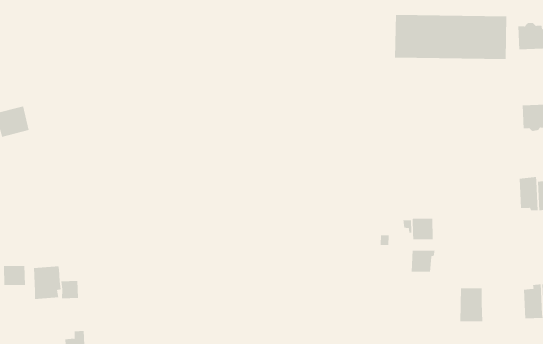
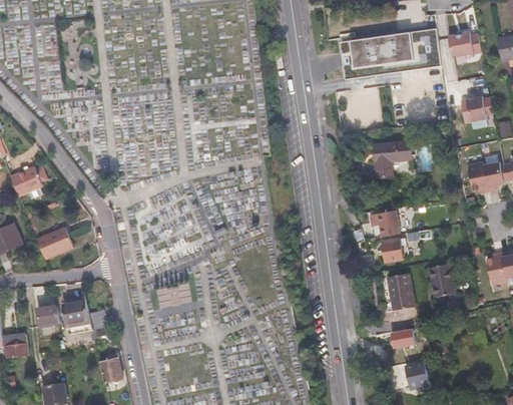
building: none -> [375,140,411,175]
building: none -> [37,229,73,261]
building: none -> [390,274,416,310]

